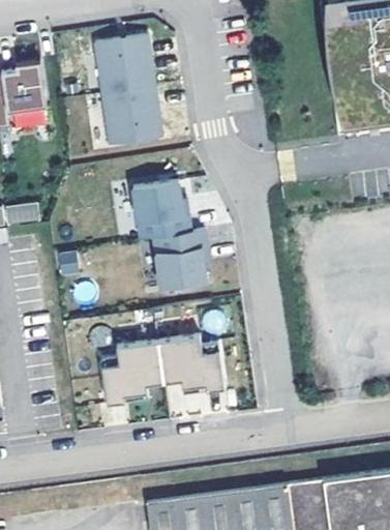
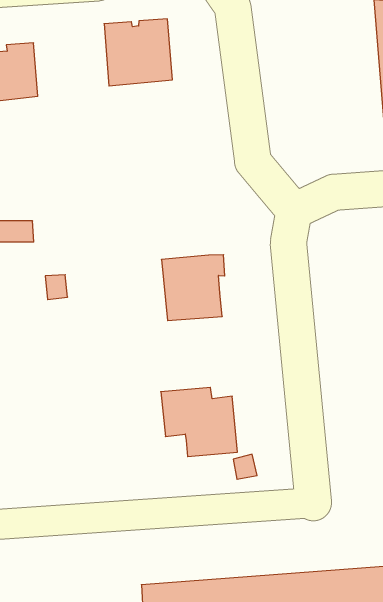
building: [99,83,160,142] -> none
building: [133,178,191,236] -> none
building: [101,345,164,409] -> none

